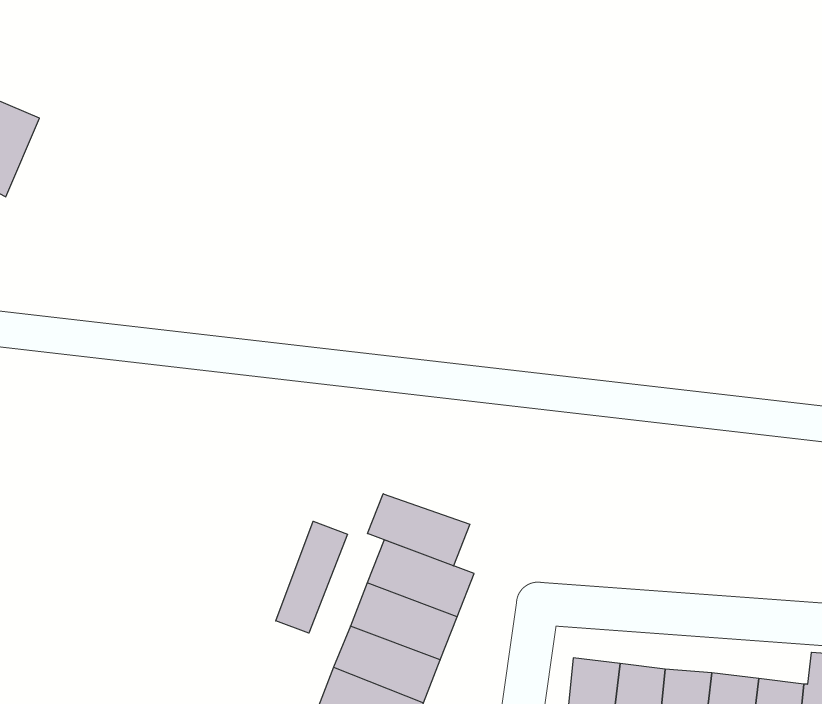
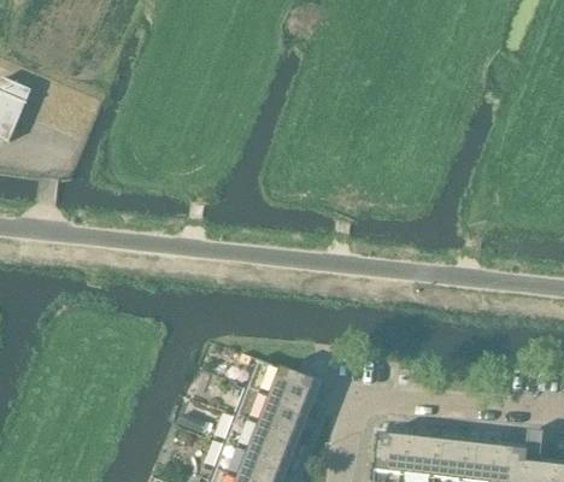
building: [368,494,470,566] -> none
building: [276,521,347,633] -> none

